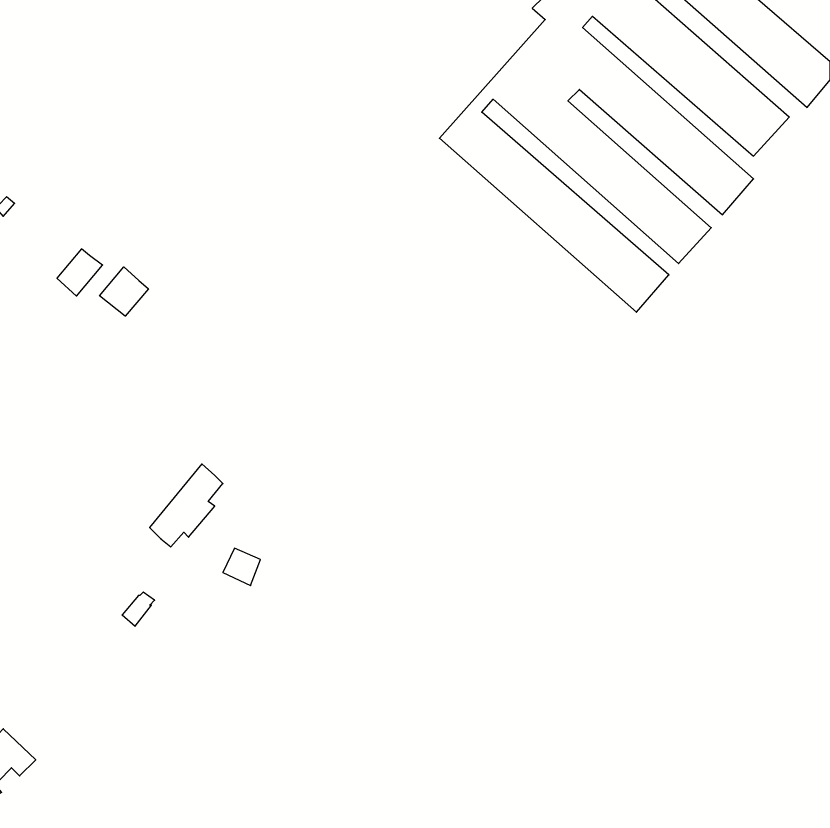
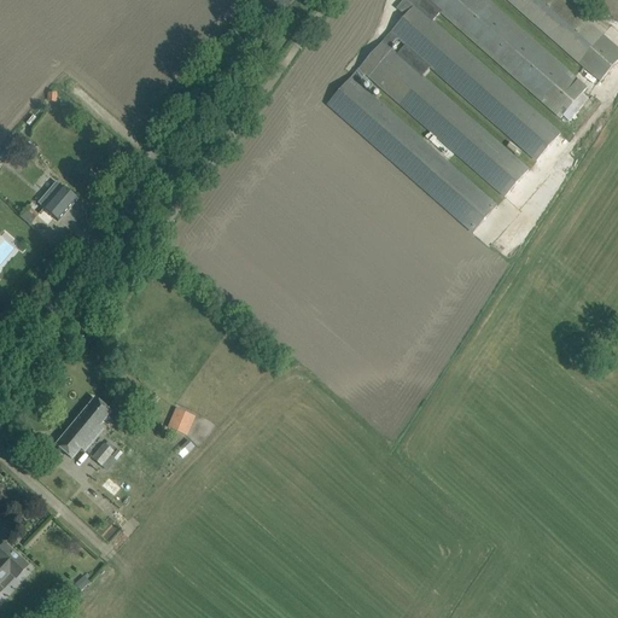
building: [100,267,148,316] -> none
building: [150,464,223,547] -> [54,396,109,457]

